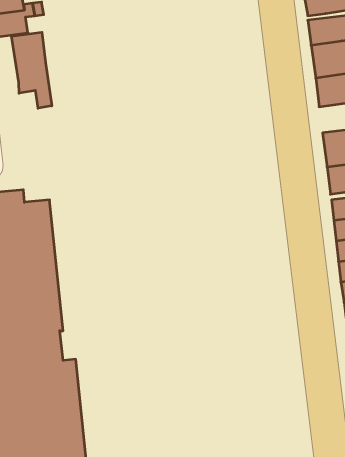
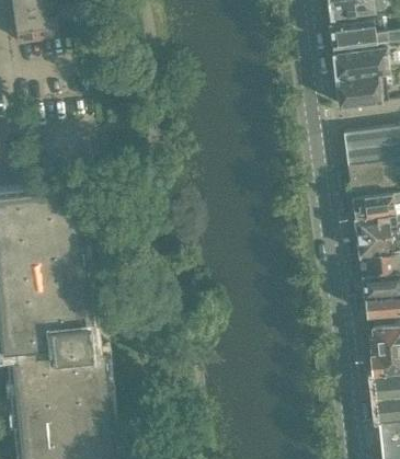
building: [12,32,52,108] -> none

